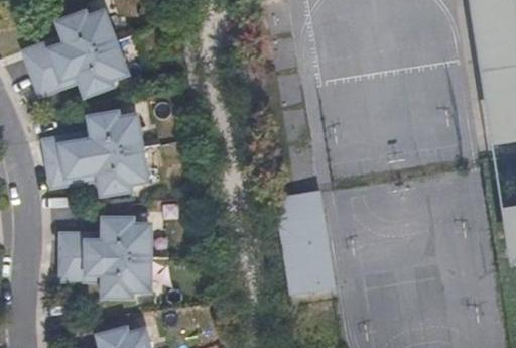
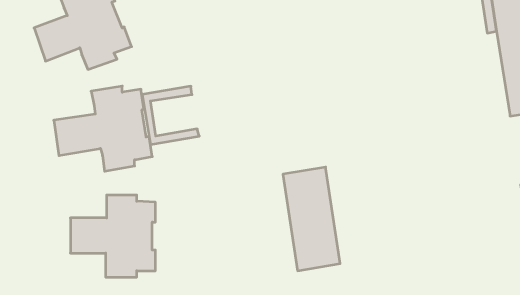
building: [23,35,80,96] -> none
building: [44,130,100,187] -> [142,86,199,144]
building: [61,232,104,281] -> none

